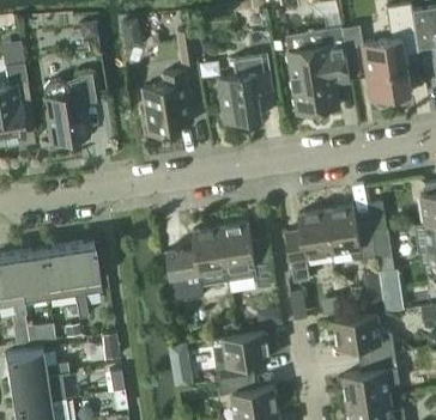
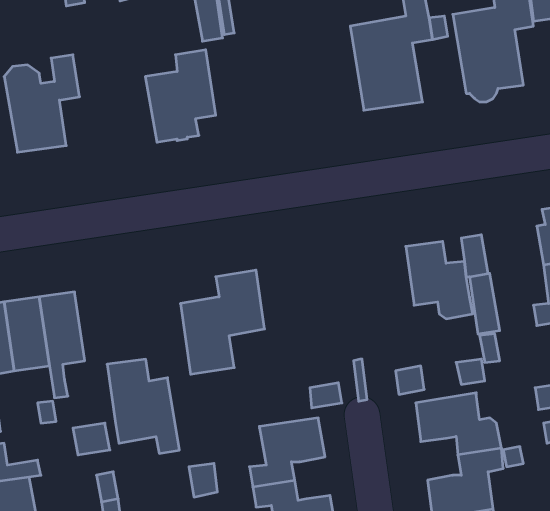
building: [217,53,274,124] -> none
building: [286,209,334,281] -> none
building: [222,223,273,290] -> [107,359,179,453]

